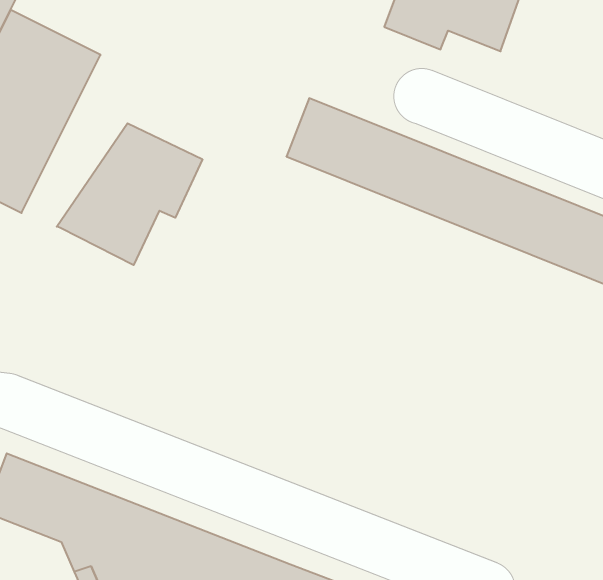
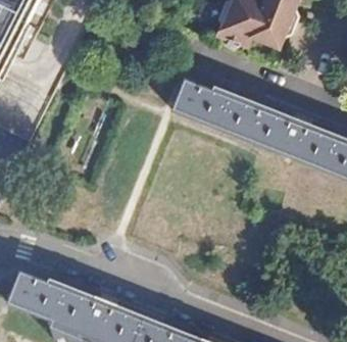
building: [57,123,202,265] -> none

